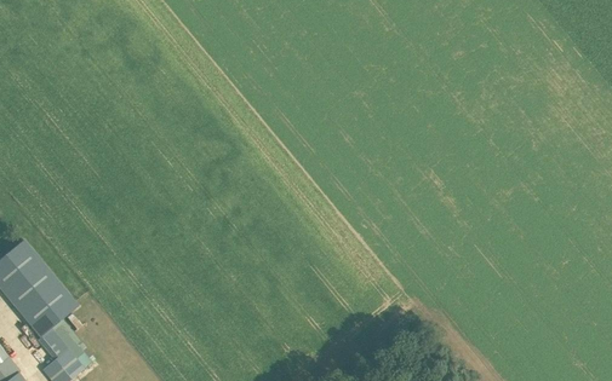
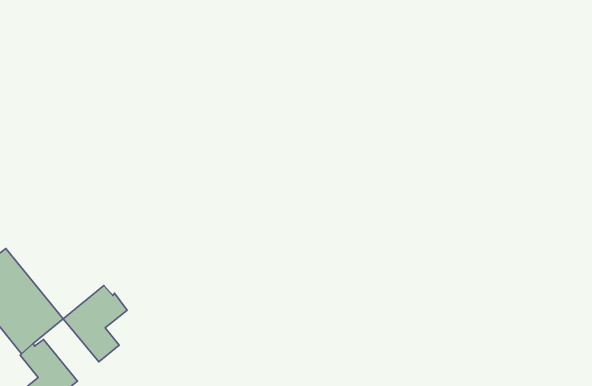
building: none -> [63,286,127,362]

